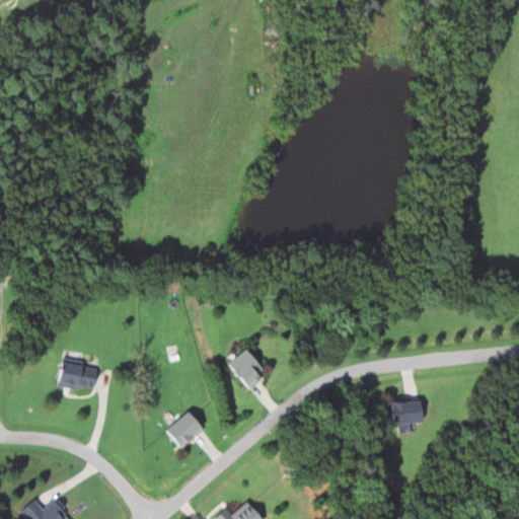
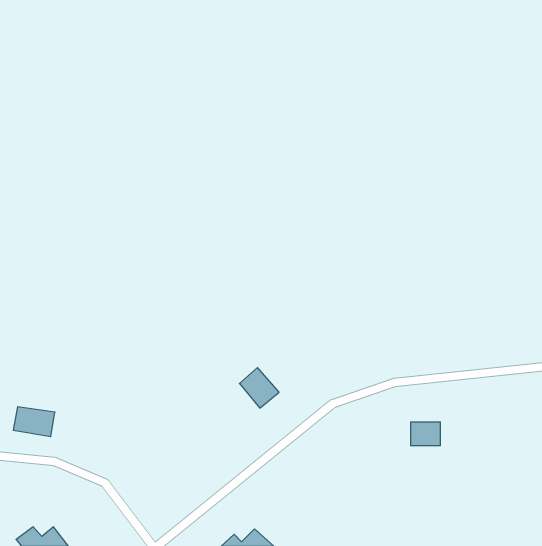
building: [58,362,97,390] -> [13,407,55,437]
building: [166,412,204,448] -> none

